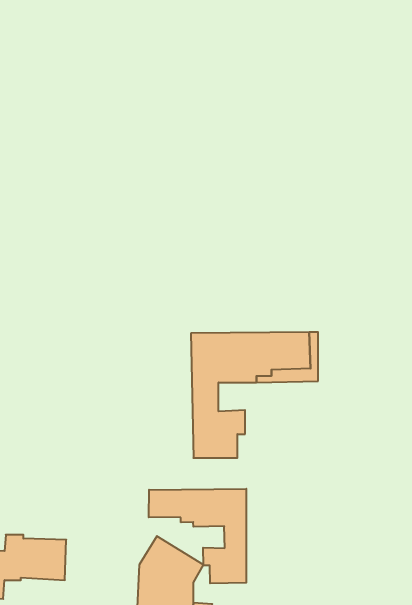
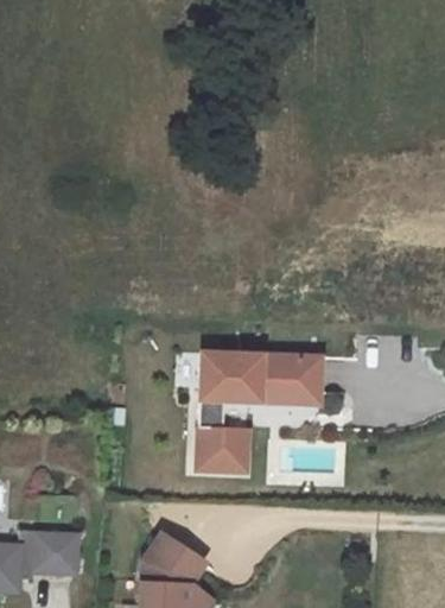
building: [149,489,246,583] -> none

